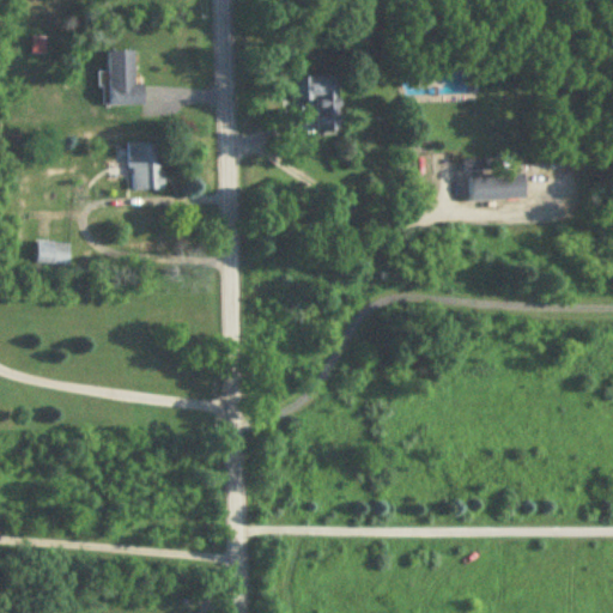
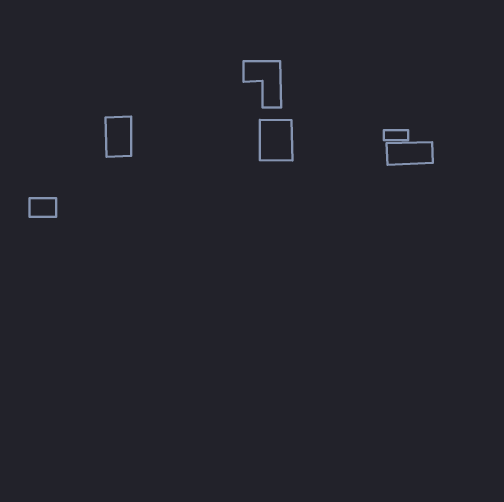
building: [108,51,144,104] -> none
building: none -> [260,120,293,161]

